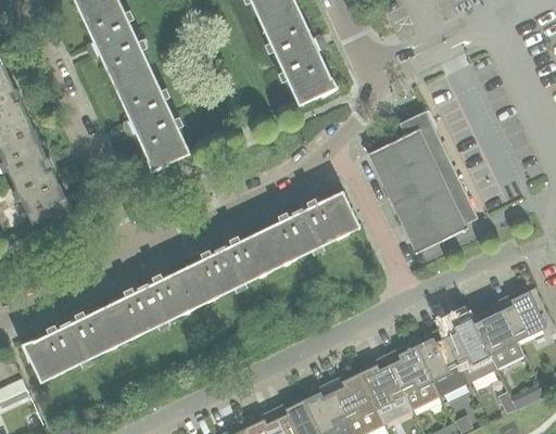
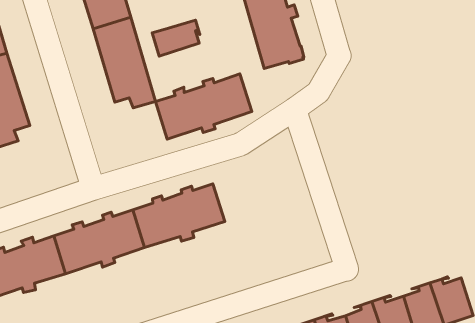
building: none -> [152,20,200,56]
building: [367,111,477,254] -> none
building: [261,190,361,267] -> [155,74,252,139]

